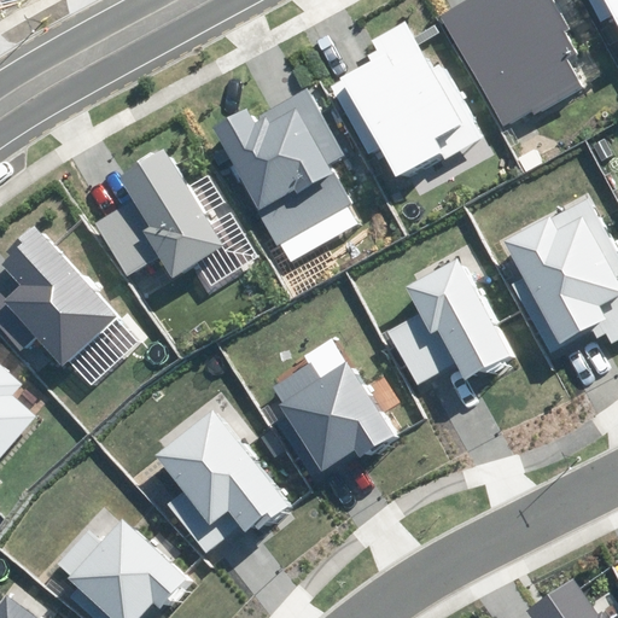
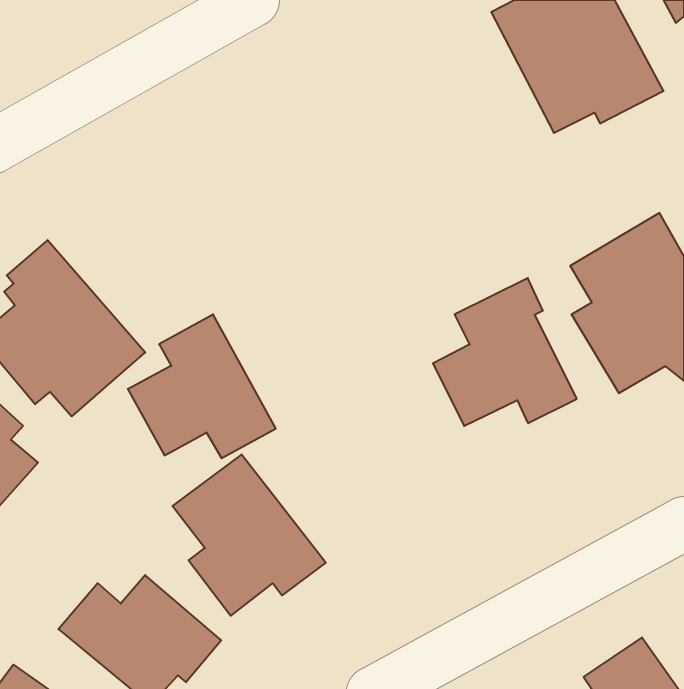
building: [330,21,476,179] -> none
building: [214,91,355,261] -> none
building: [92,150,223,278] -> [128,314,276,458]
building: [269,358,398,485] -> none

